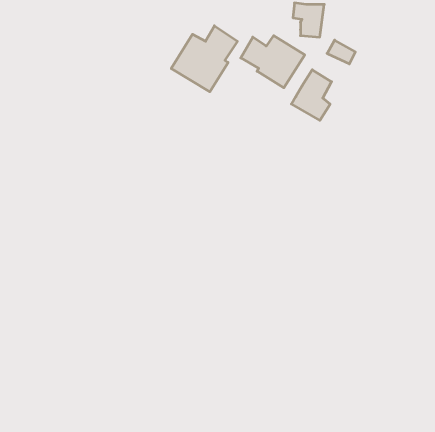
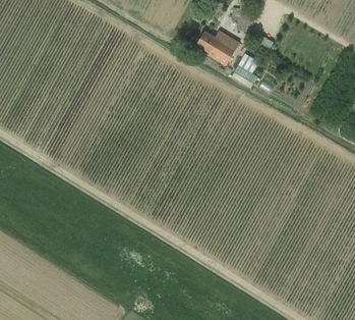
building: [171,26,237,92] -> none

